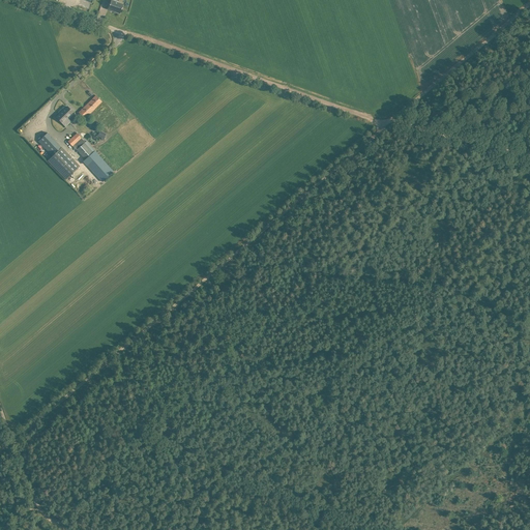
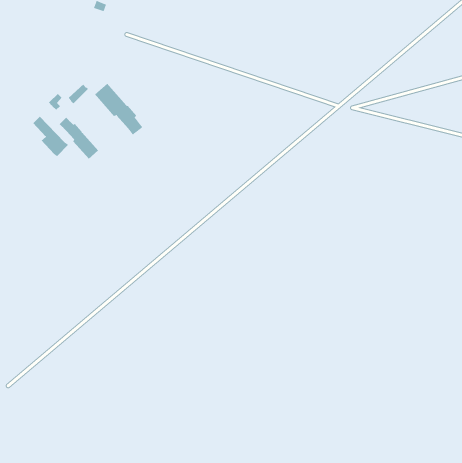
building: none -> [94,83,143,136]

